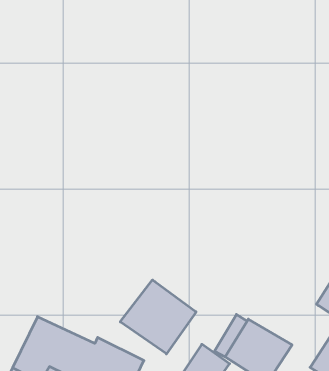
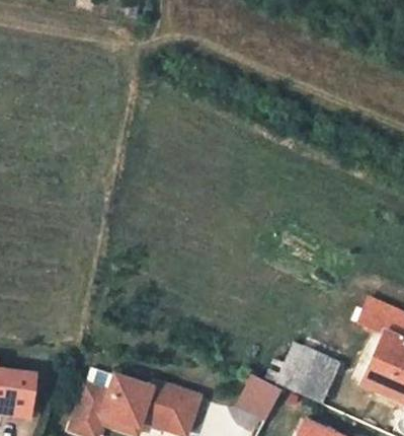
building: [120,280,196,354] -> none

